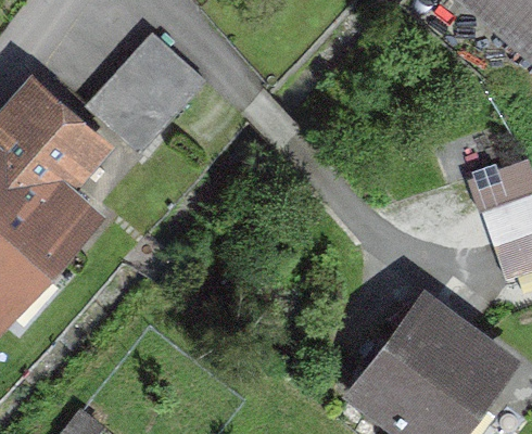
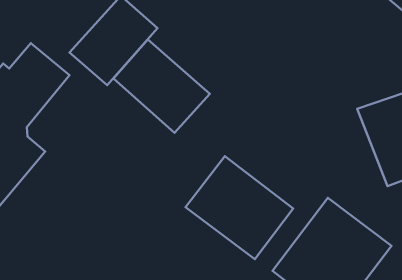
building: none -> [113,39,210,133]
building: none -> [186,156,293,259]

